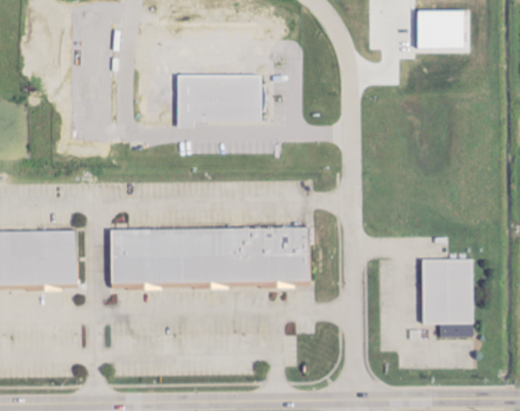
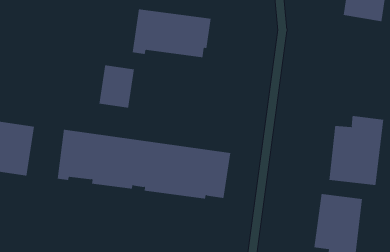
building: none -> [99,64,135,109]
building: none -> [329,115,384,186]

